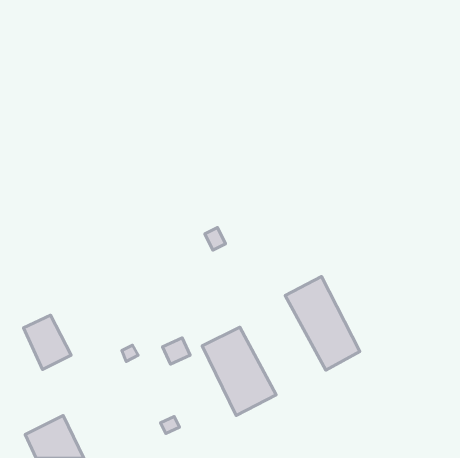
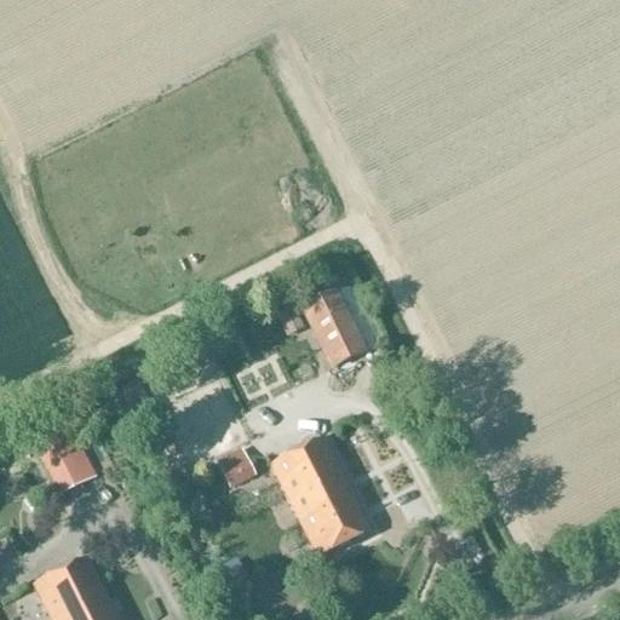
building: none -> [300,282,380,369]
building: [285,277,360,370] -> none

